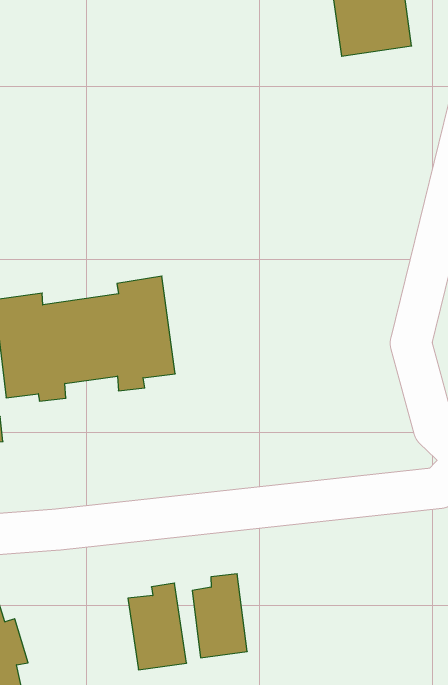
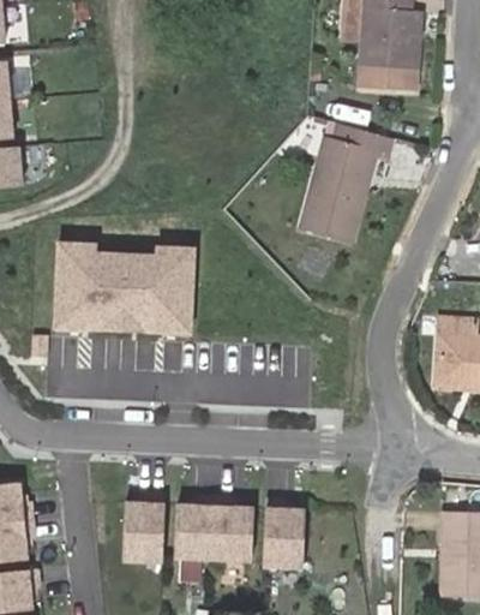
building: none -> [305,127,394,245]
building: none -> [263,497,304,565]
building: none -> [211,496,251,561]

